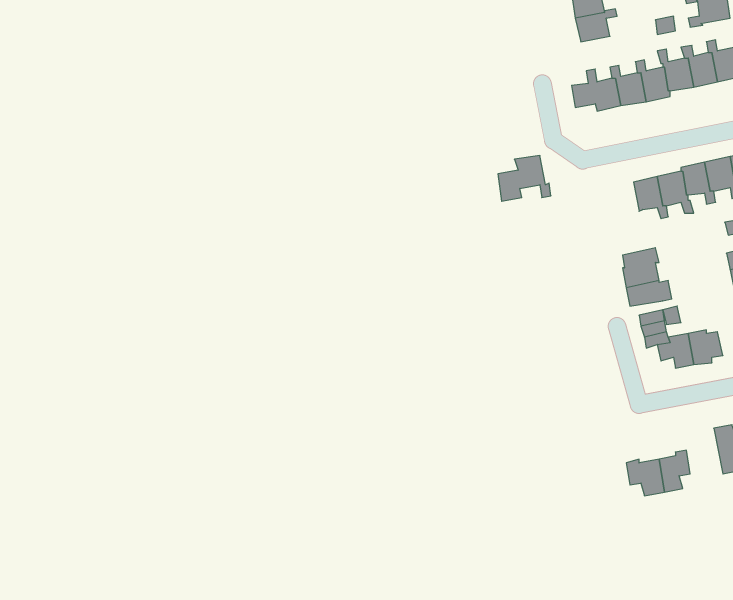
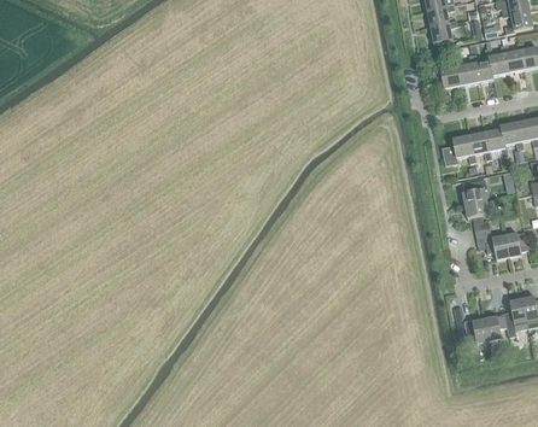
building: [498,156,551,201] -> [441,135,476,165]
building: none -> [504,298,528,337]

